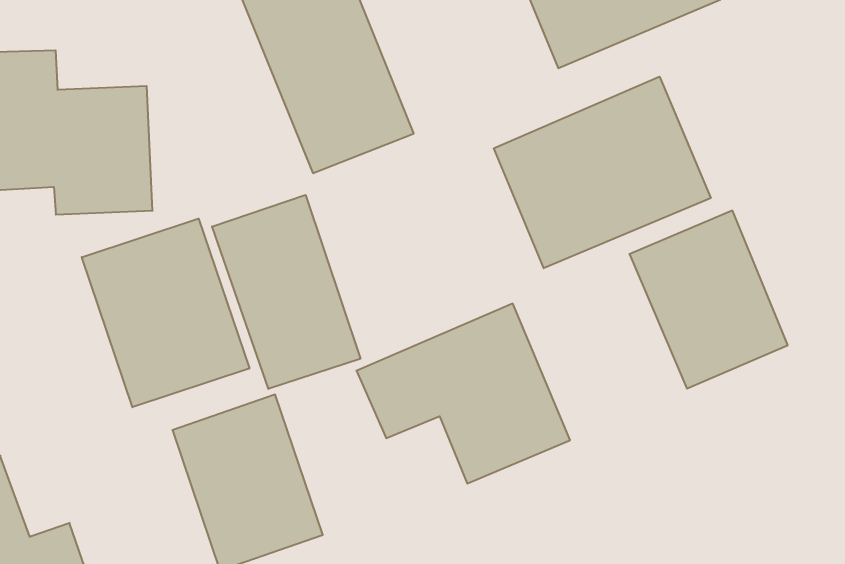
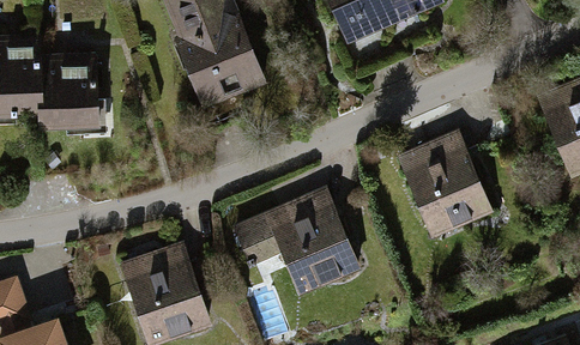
building: [494,77,711,268] -> none
building: [212,195,360,389] -> none
building: [82,219,249,407] -> none

